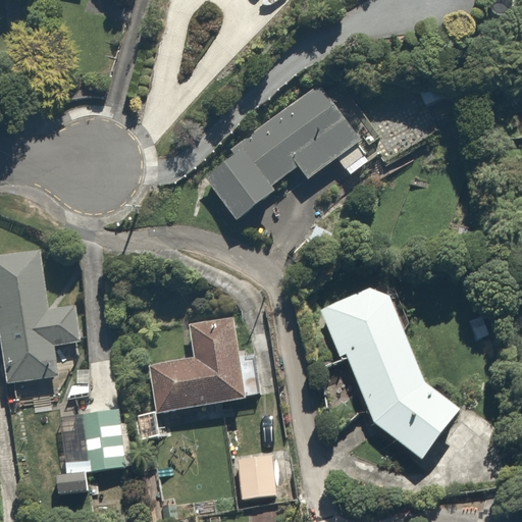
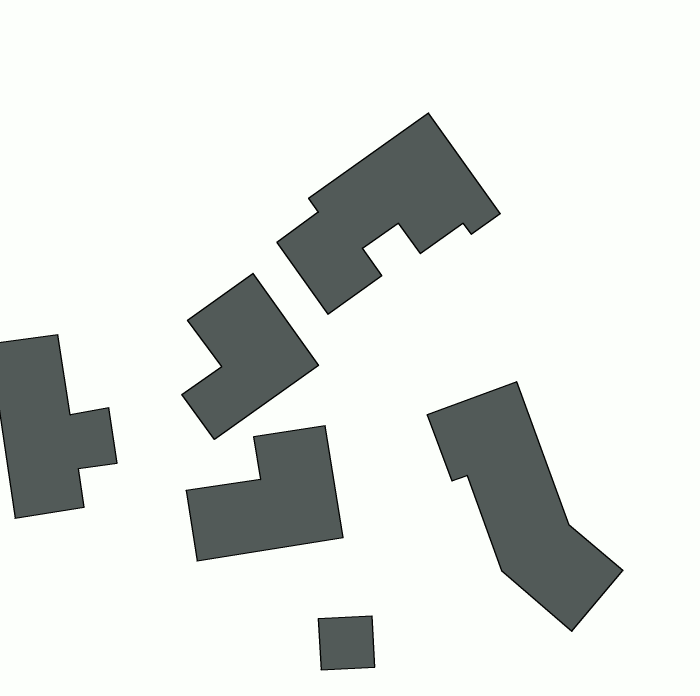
building: none -> [182,273,318,439]
building: [61,406,136,477] -> none

